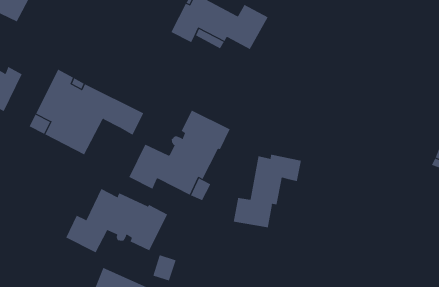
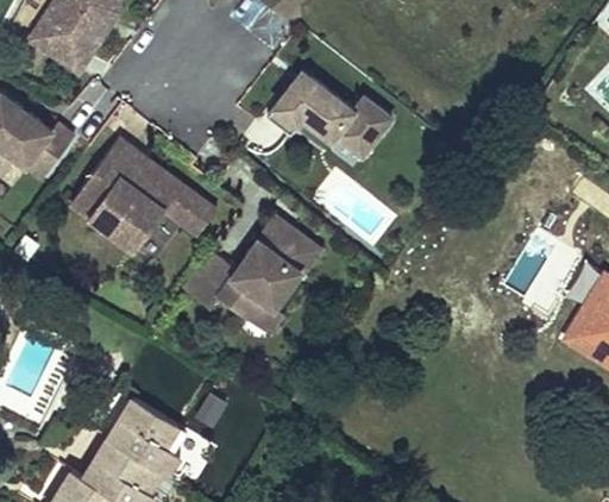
building: [233,154,301,228] -> none
building: [65,188,168,253] -> none

